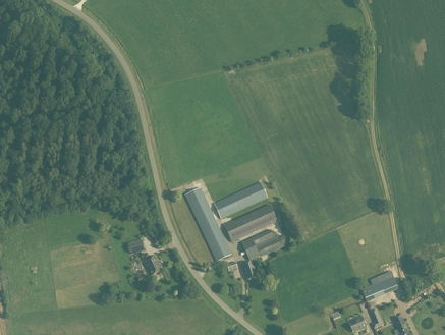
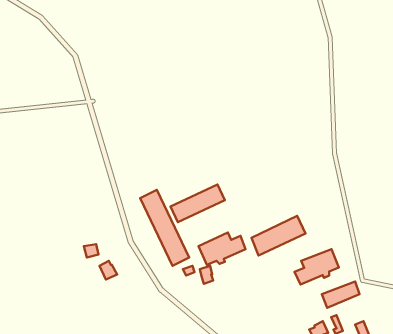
building: [223,203,276,241] -> [251,216,306,256]
building: none -> [295,249,339,284]

